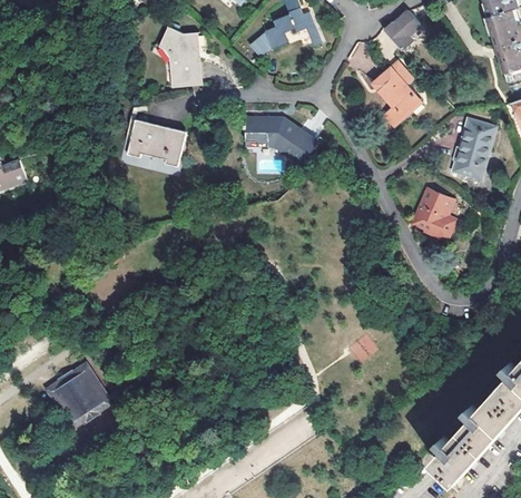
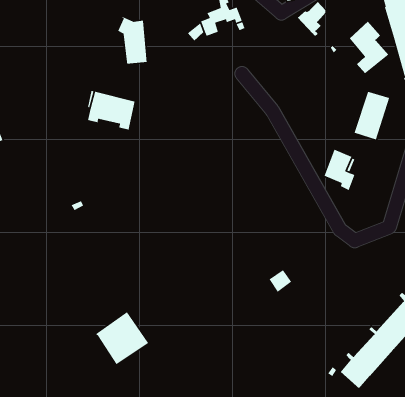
building: [374,61,423,126] -> [349,21,389,74]
building: [243,117,315,164] -> none
building: [45,361,110,427] -> [95,311,149,365]

